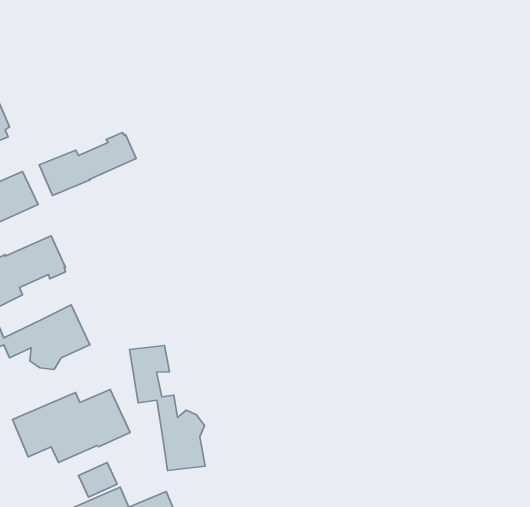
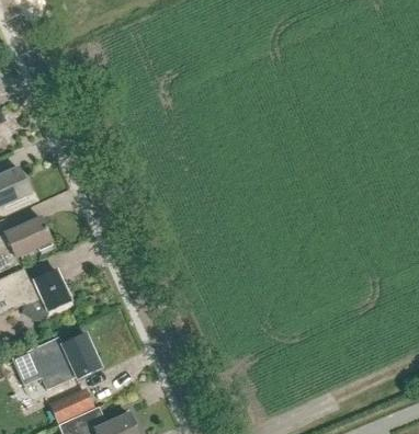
building: [39,133,136,196] -> none
building: [129,345,205,470] -> none

